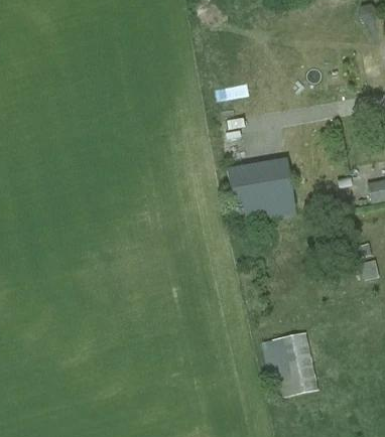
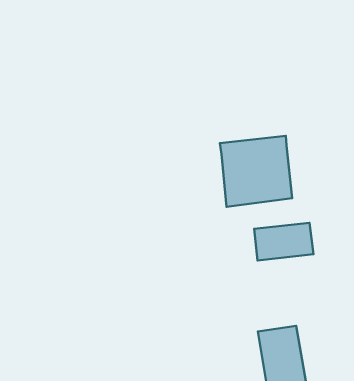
building: none -> [254,223,314,261]

